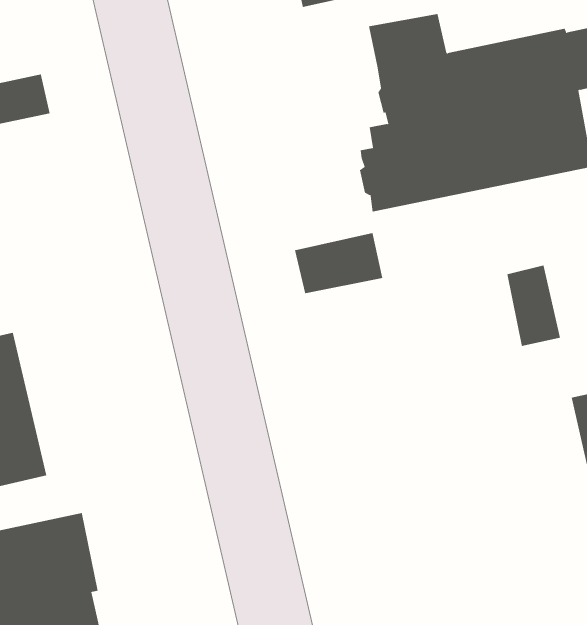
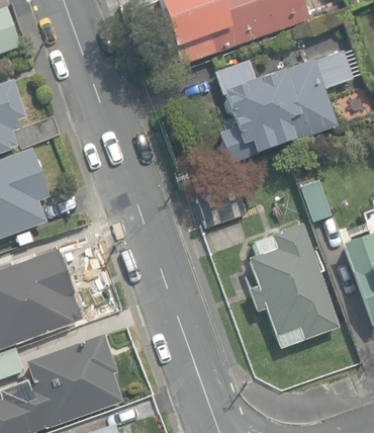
building: none -> [249,224,340,347]

